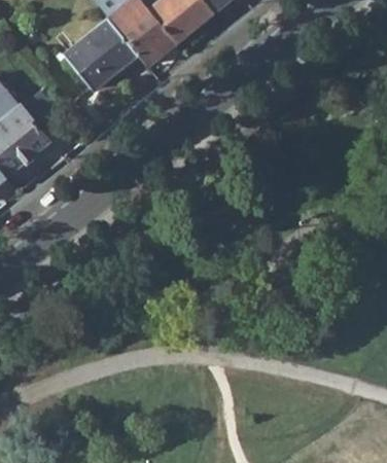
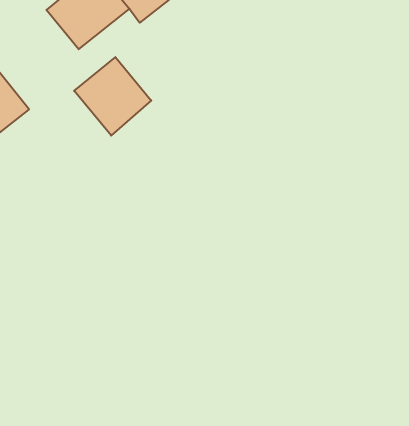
building: none -> [74,57,151,136]

